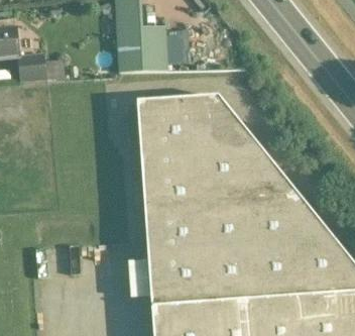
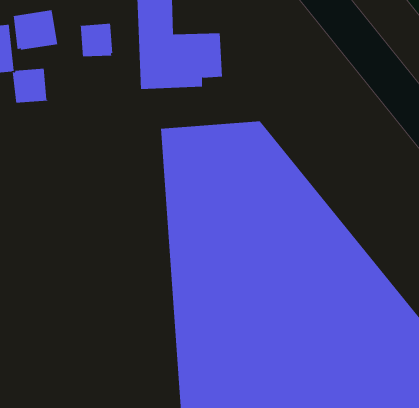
building: none -> [13,9,58,50]
building: none -> [80,23,113,57]

